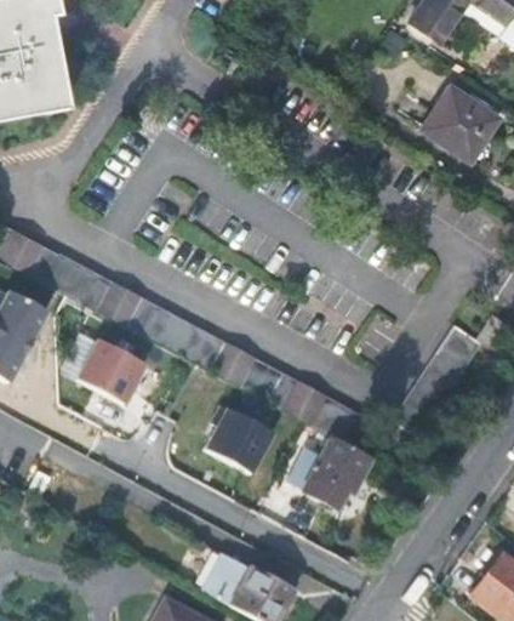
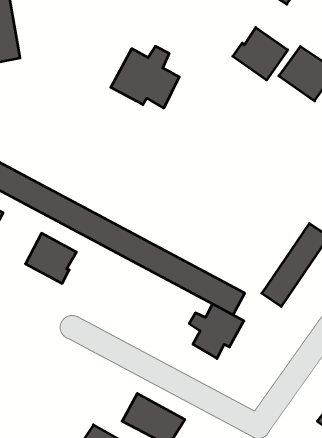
building: none -> [233,27,288,80]
building: none -> [111,46,179,108]
building: [205,406,274,474] -> none

